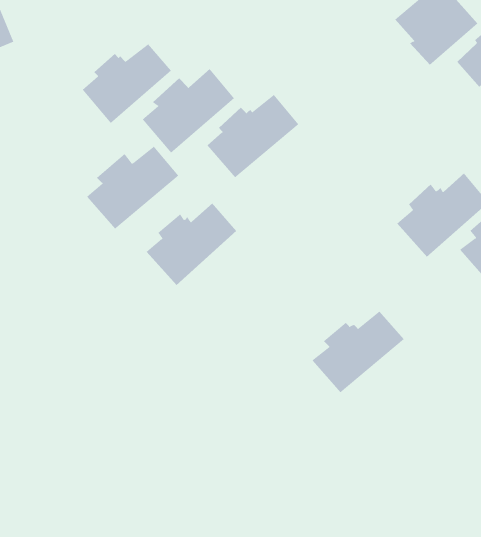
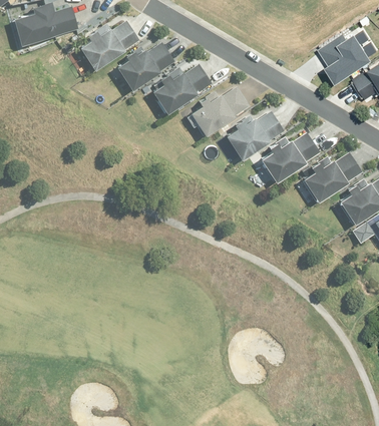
building: [86,146,179,229] -> [78,22,138,71]
building: [146,203,237,286] -> [224,112,283,161]
building: [312,311,404,393] -> [259,134,319,182]

